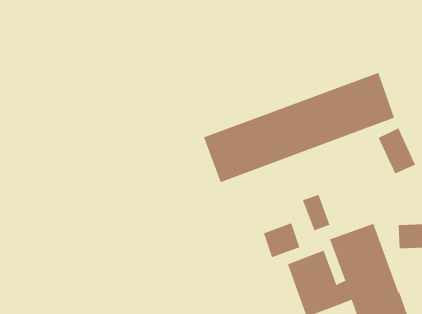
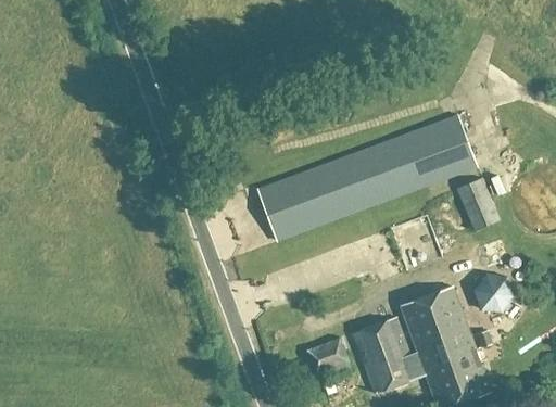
building: [302,194,330,231] -> none
building: [263,223,300,258] -> [307,336,350,377]

